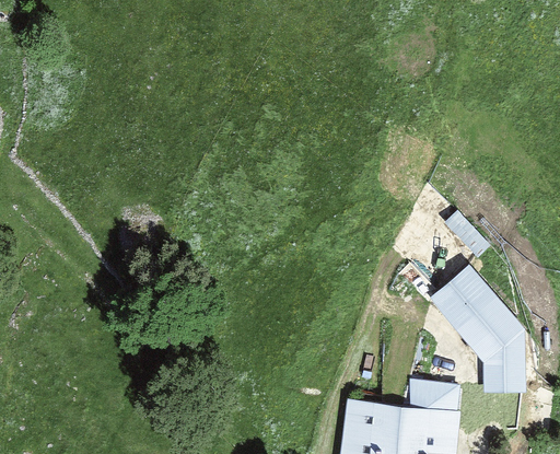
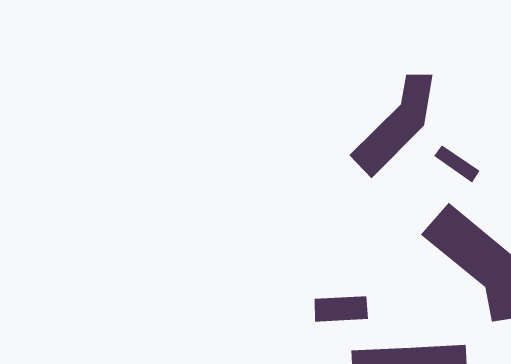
building: none -> [348,74,433,179]
building: [405,383,460,411] -> [314,296,369,322]

